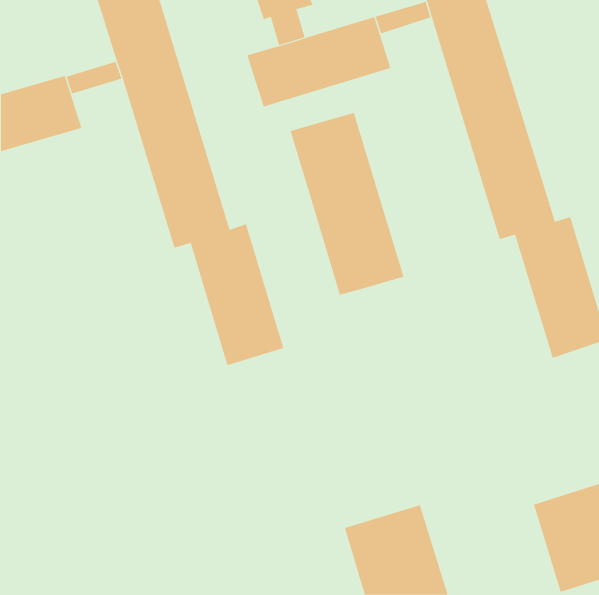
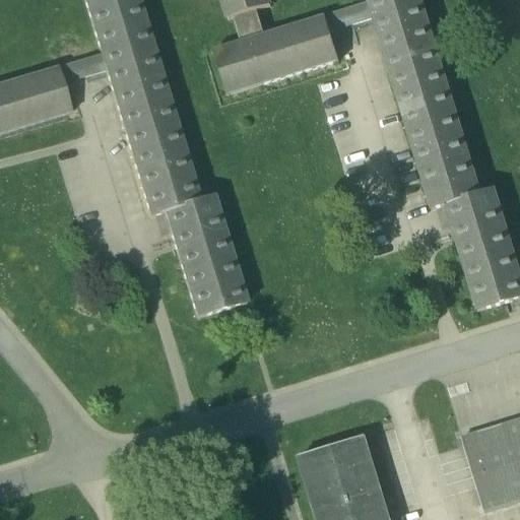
building: [290,112,404,296] -> none

